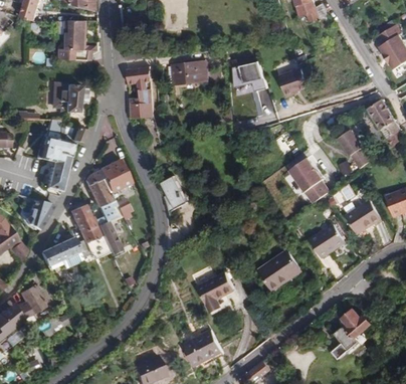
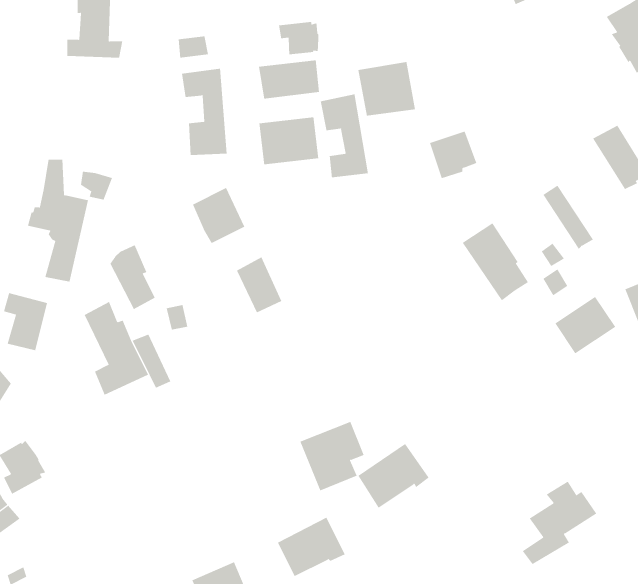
building: none -> [278,21,319,55]
building: [278,69,307,98] -> [429,131,477,179]
building: none -> [320,94,369,178]
building: [52,84,80,112] -> none
building: none -> [259,116,319,165]
building: [98,160,130,193] -> [192,187,245,244]
building: [309,224,344,257] -> none
building: [39,234,77,266] -> none
building: [258,250,300,289] -> [358,443,429,508]

